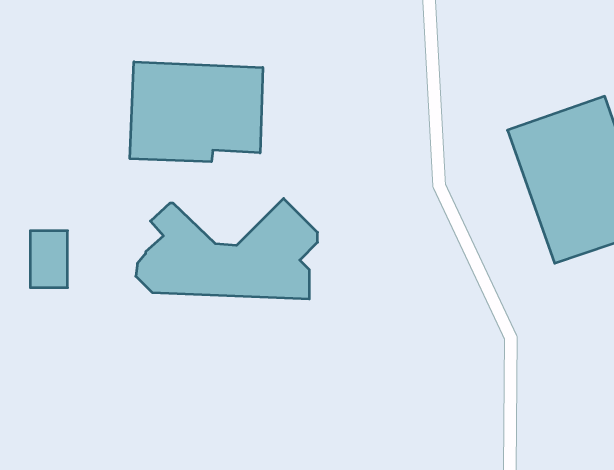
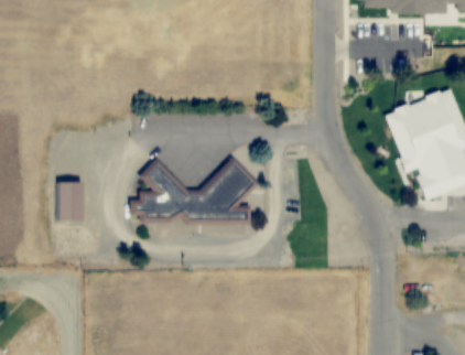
building: [130,62,263,162] -> none

